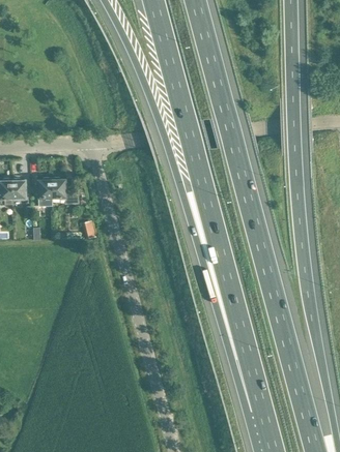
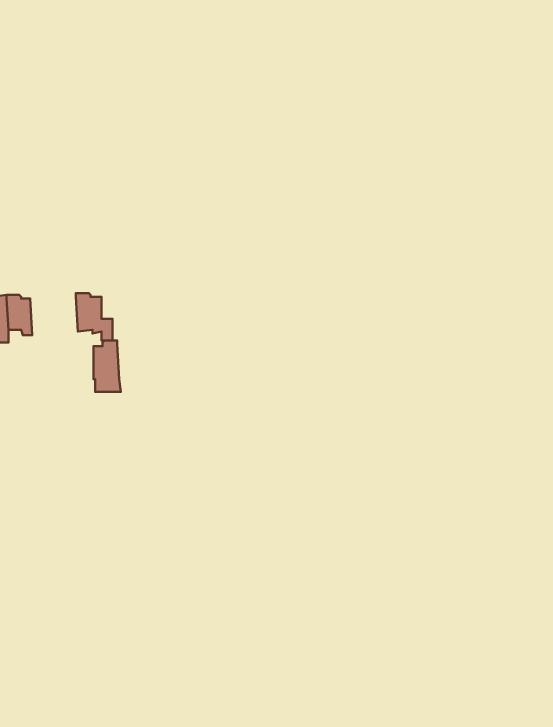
building: [38,177,54,206] -> [93,341,121,392]

